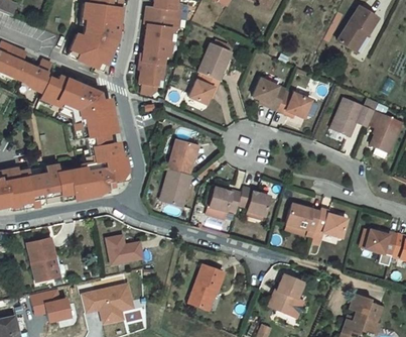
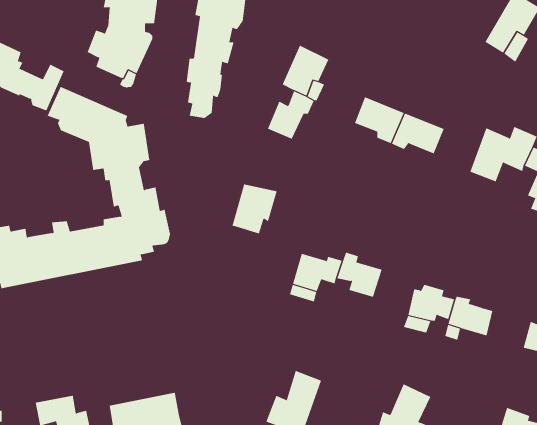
building: [163,168,190,207] -> none
building: [29,233,67,276] -> none
building: [109,233,143,261] -> none

